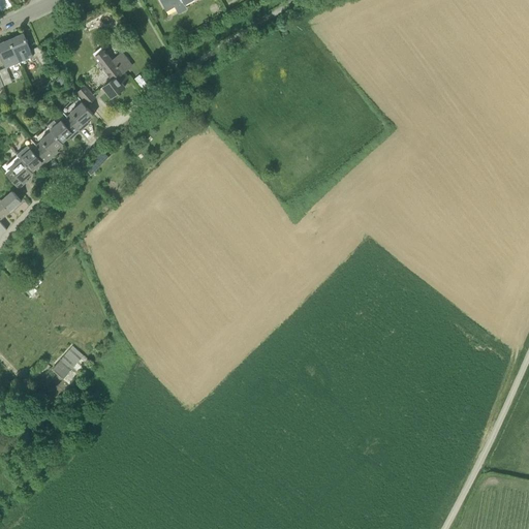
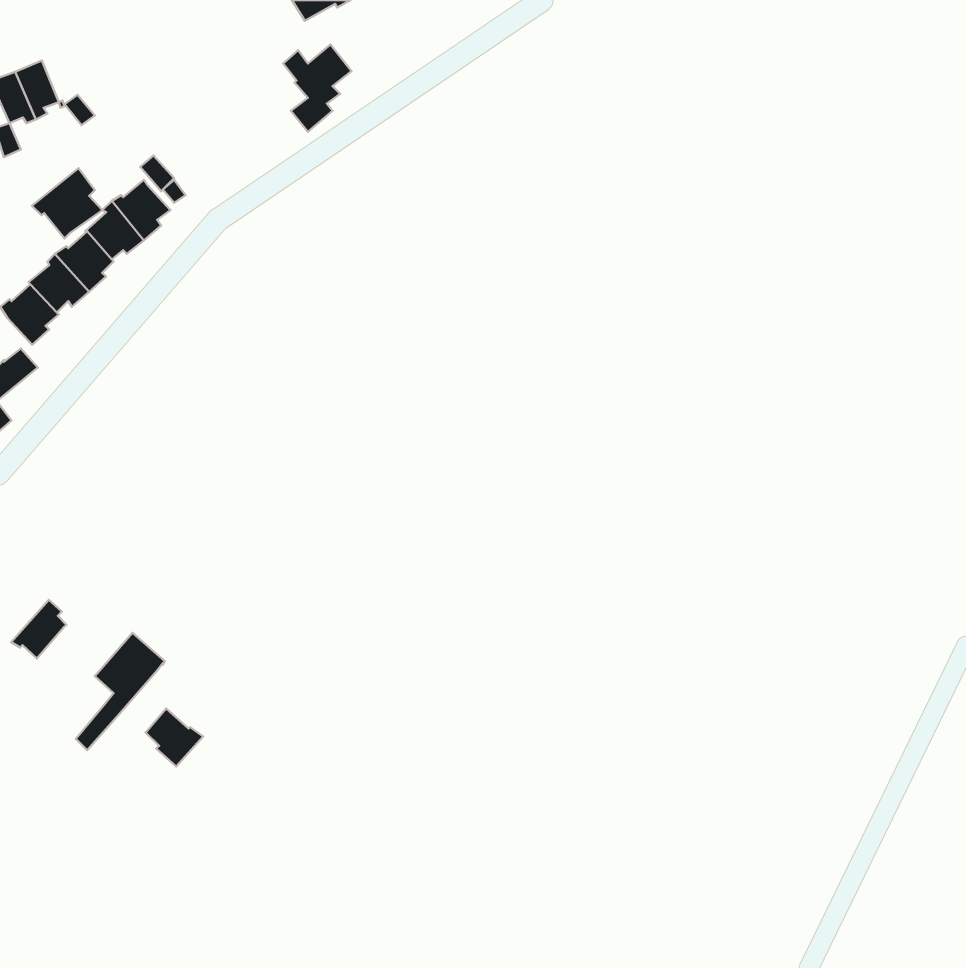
building: [97,50,134,97] -> [283,45,351,132]
building: none -> [32,168,102,239]
building: none -> [11,600,66,658]
building: none -> [145,709,203,766]

